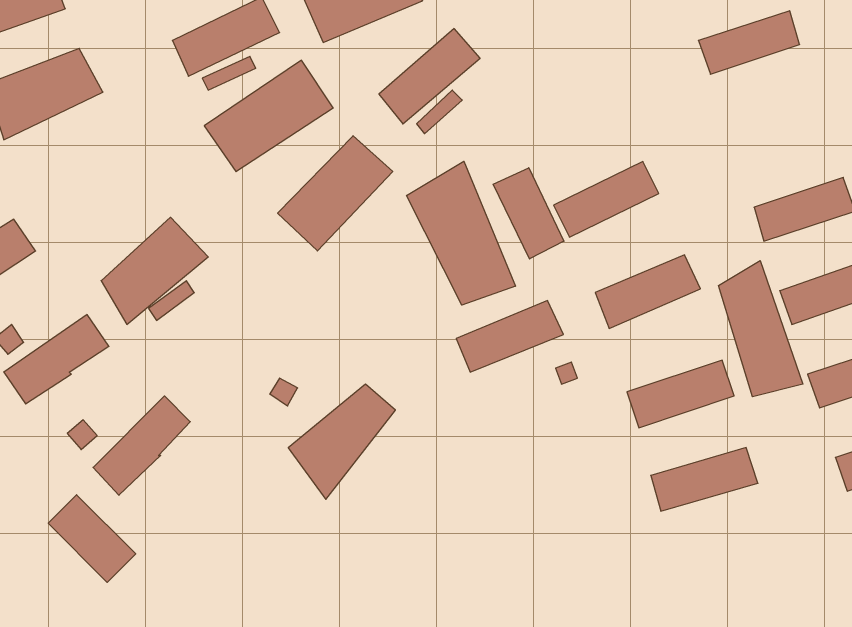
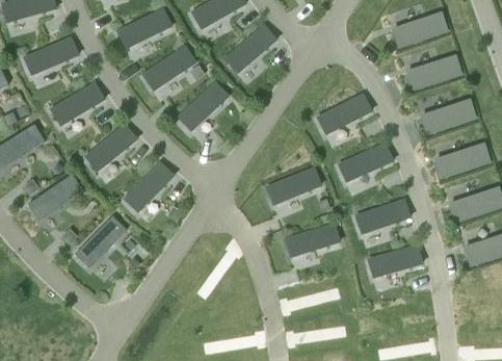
building: none -> [407,57,460,91]
building: none -> [51,82,106,127]
building: [407,161,515,305] -> none
building: [493,168,564,259] -> none
building: [718,261,803,397] -> none
building: [288,384,395,499] -> [116,164,173,225]
building: none -> [285,223,341,256]
building: [48,495,136,582] -> none

